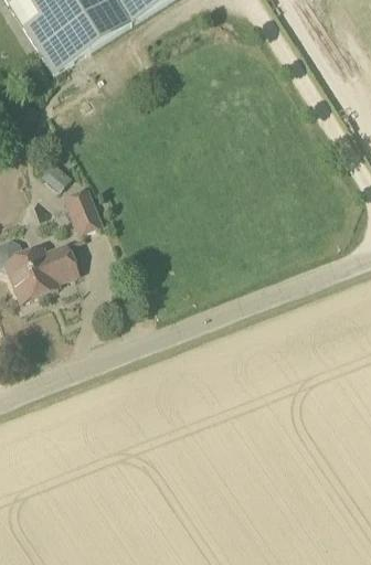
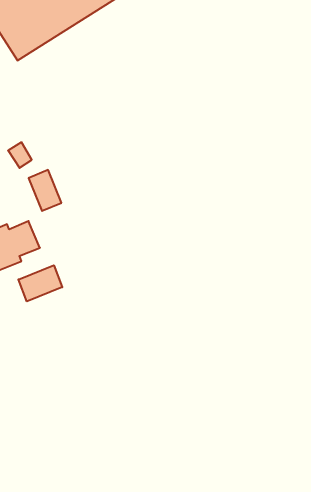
building: none -> [18,265,62,301]

